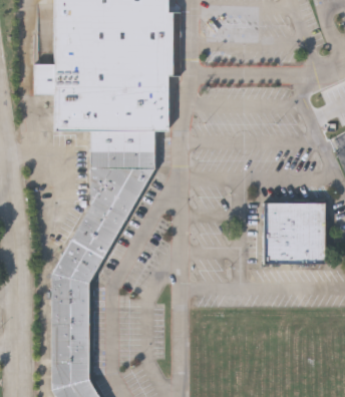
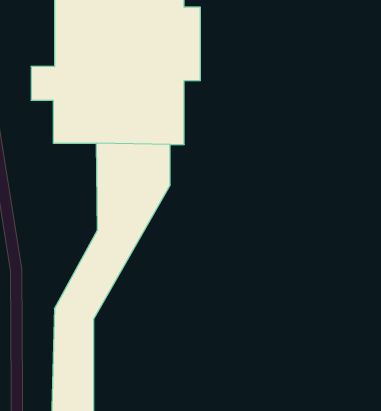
building: [264,202,325,263] -> none

